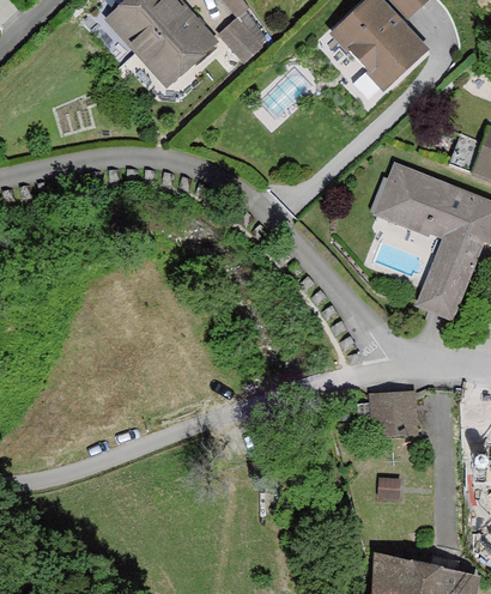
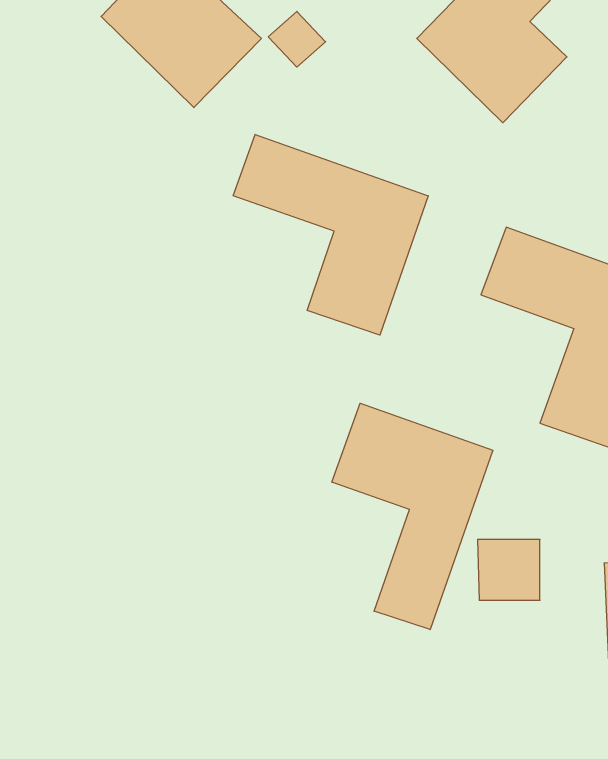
building: none -> [233,134,428,335]
building: none -> [332,403,493,630]

